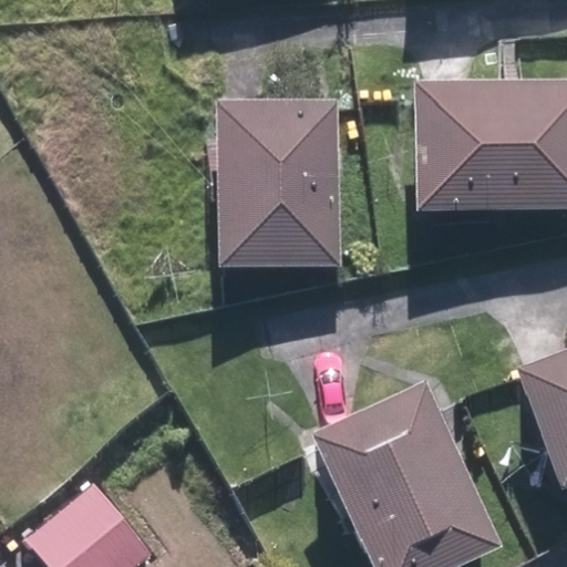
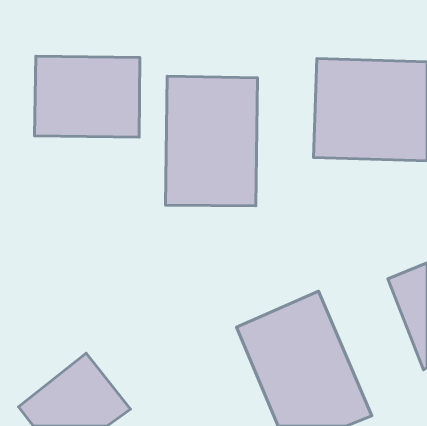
building: none -> [35,56,140,137]

